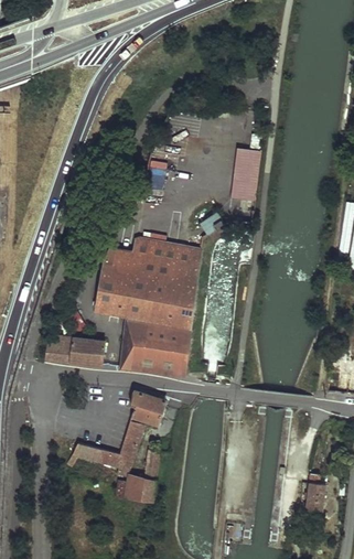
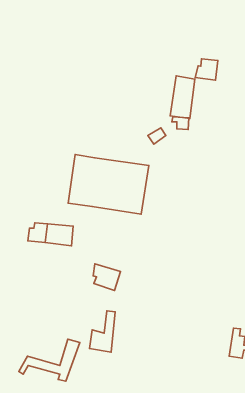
building: none -> [195,59,218,80]
building: [132,238,204,264] -> none
building: [120,316,192,377] -> none
building: [66,422,144,476] -> [19,339,80,381]

